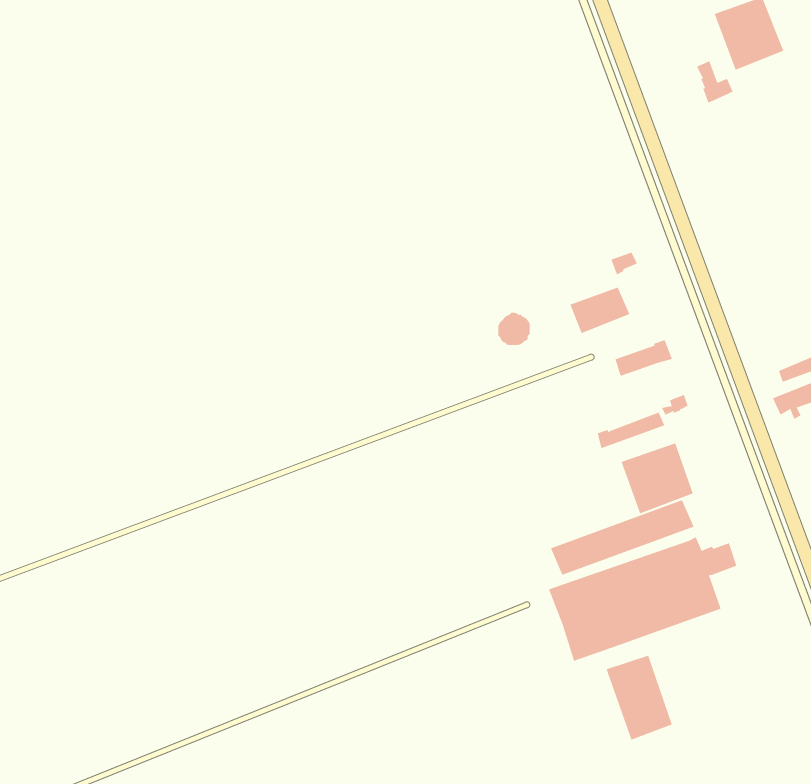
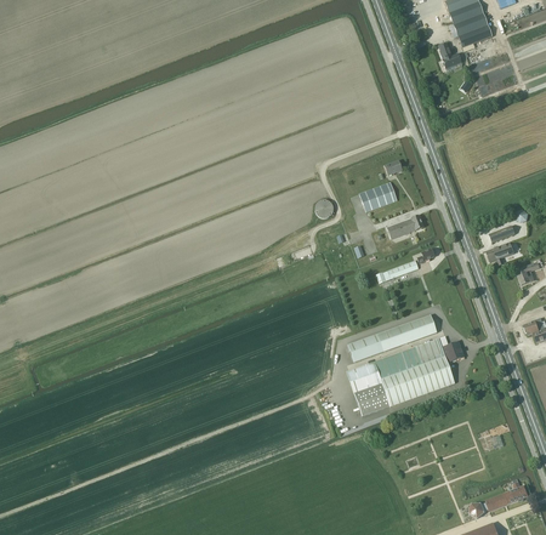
building: [621,442,693,514] -> none
building: [606,655,673,741] -> none

